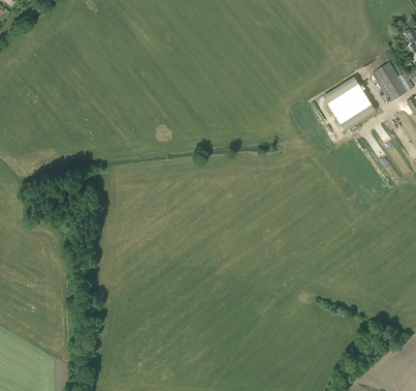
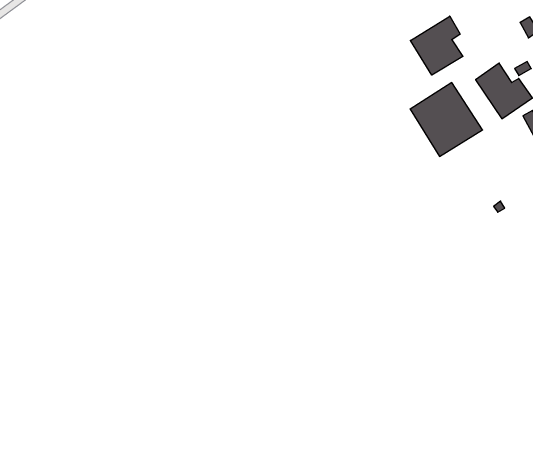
building: none -> [410,16,463,75]

